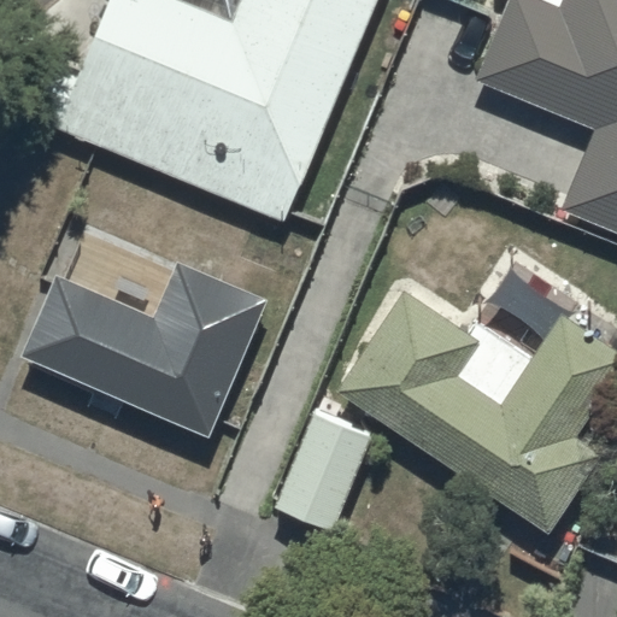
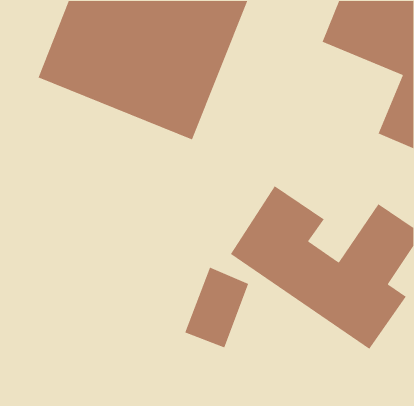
building: [22,260,269,436] -> none

